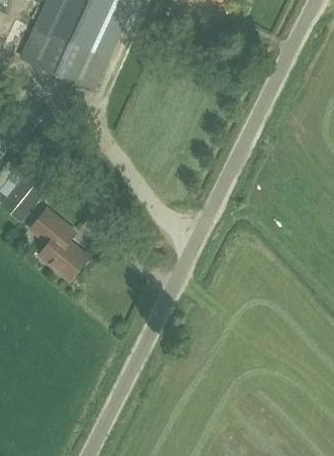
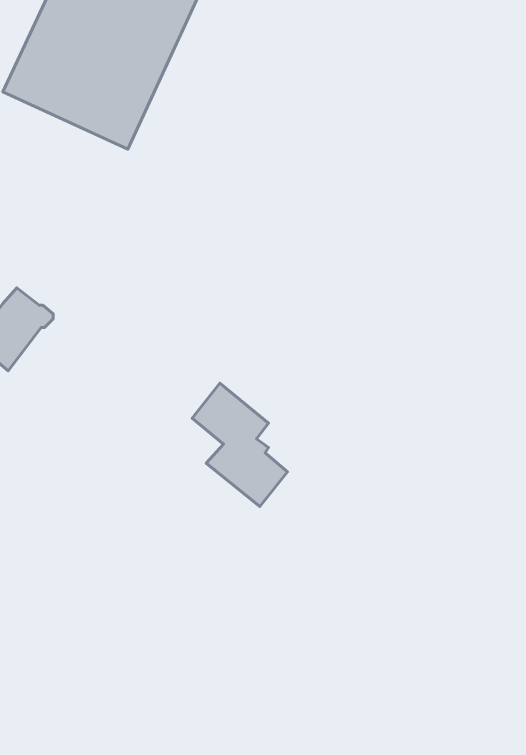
building: [29,206,85,277] -> [192,383,288,506]

